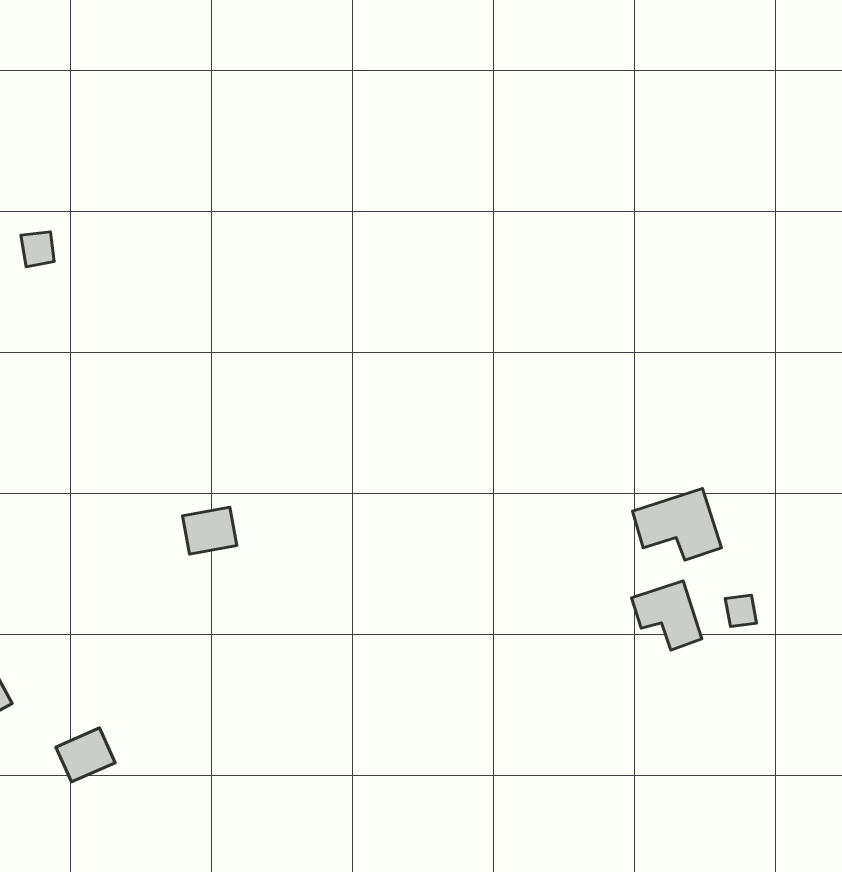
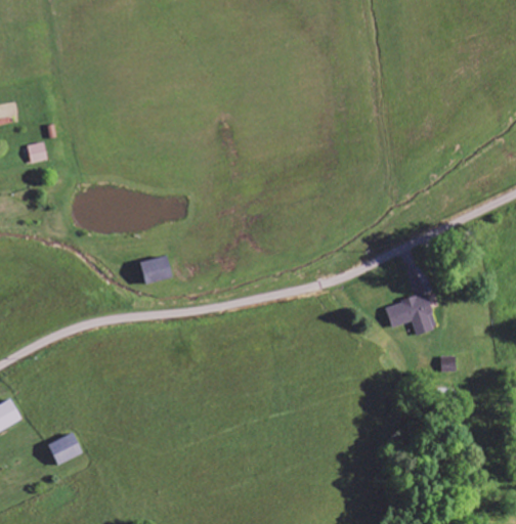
building: [183,507,237,554] -> [140,256,172,283]
building: [632,581,702,650] -> none

